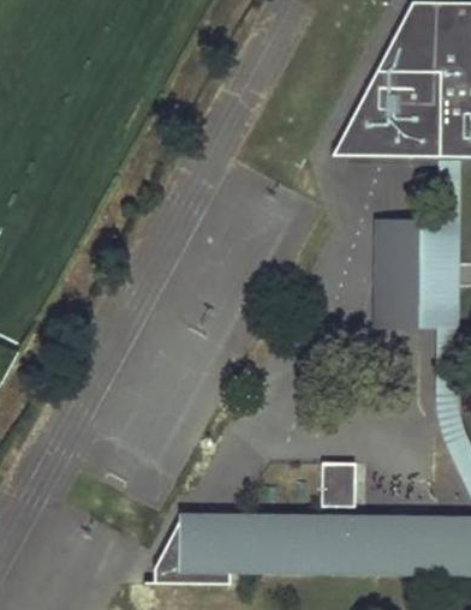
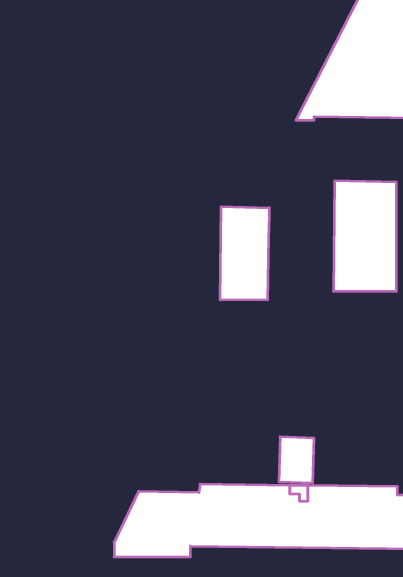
building: none -> [220,207,269,300]

